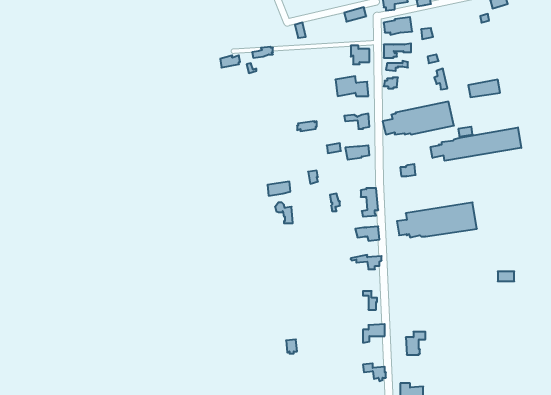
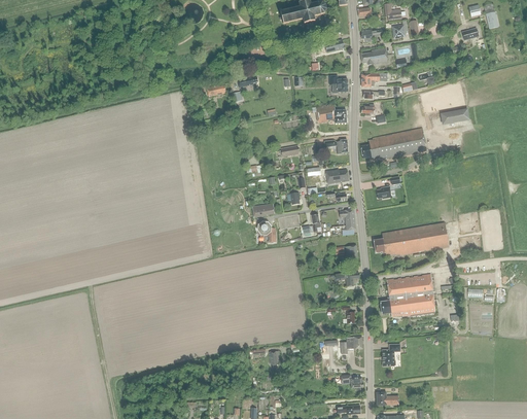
building: [431,127,521,161] -> none
building: none -> [380,274,435,316]

